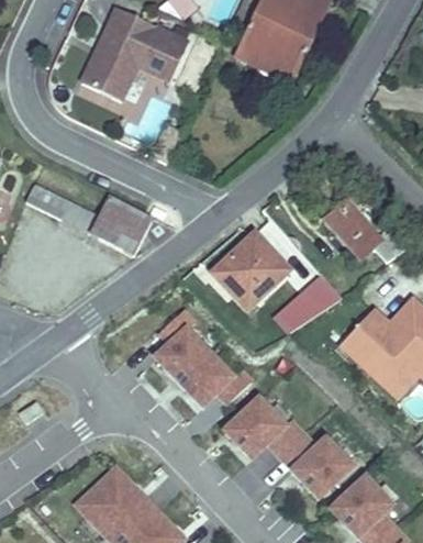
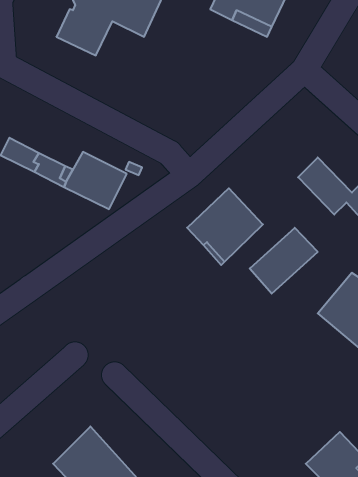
building: [157,332,233,407] -> none
building: [224,396,352,496] -> none

